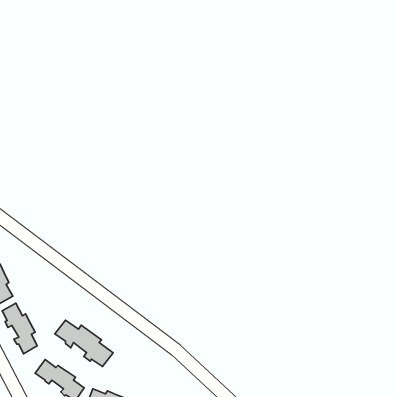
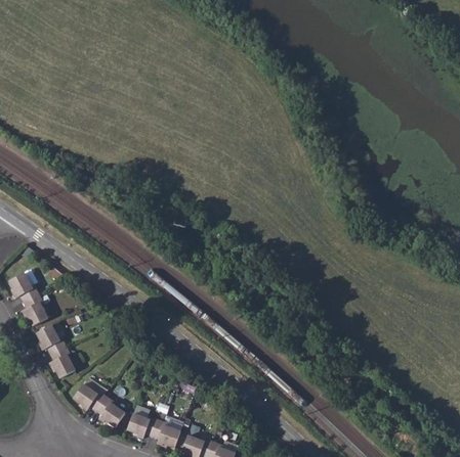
building: [55,320,113,366] -> none

